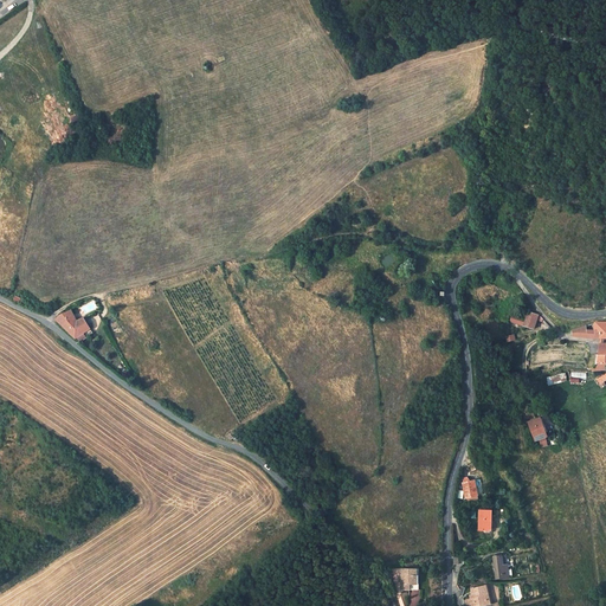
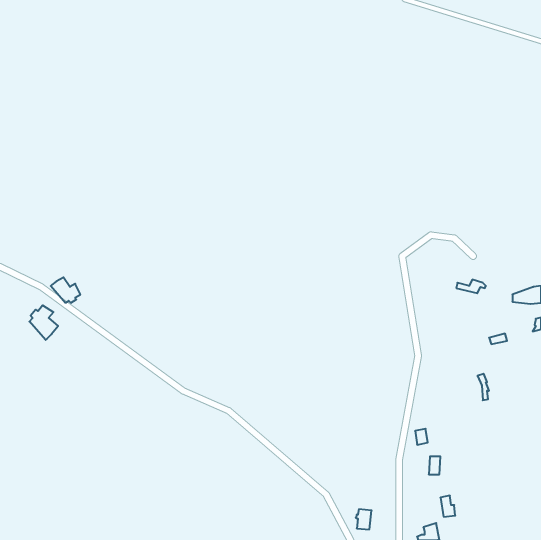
building: none -> [29,305,58,340]

